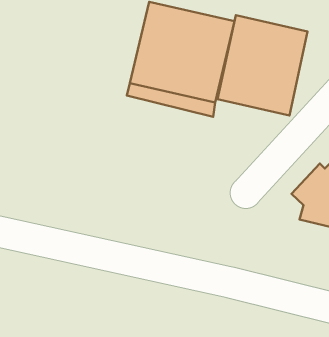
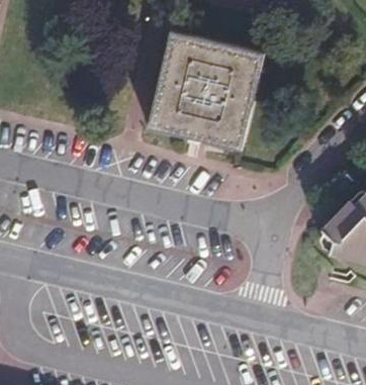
building: [218,15,308,116] -> none

